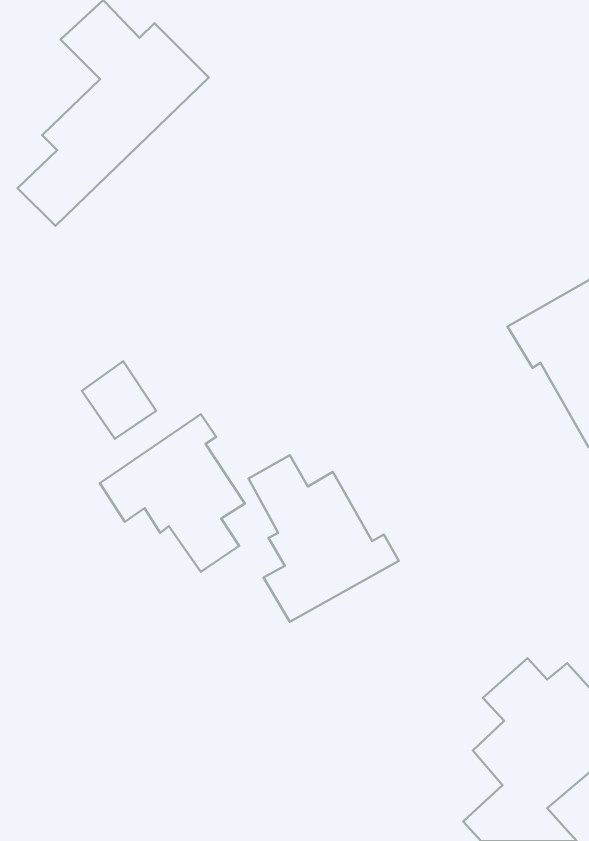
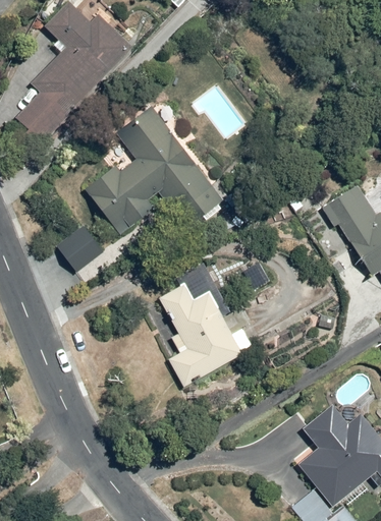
building: none -> [86,107,225,234]
building: [100,414,245,572] -> none

